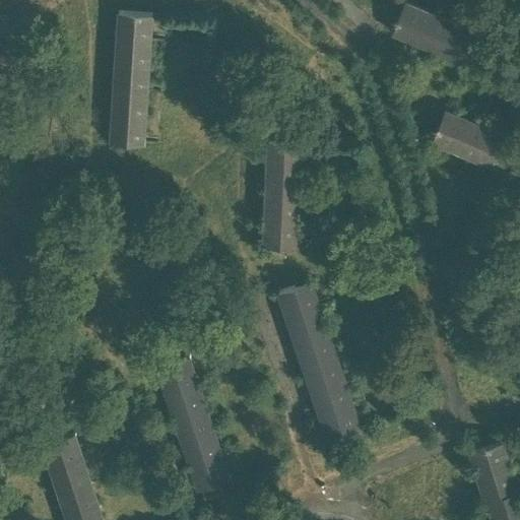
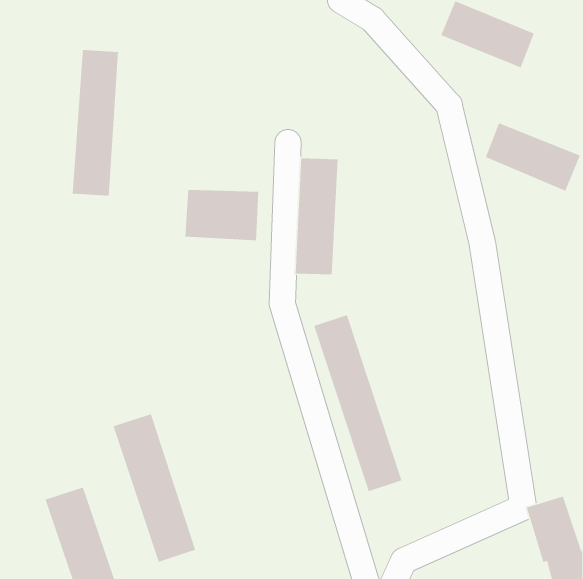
building: [110,15,151,146] -> [72,49,119,196]
building: none -> [185,189,259,241]
building: [154,360,229,493] -> [113,413,196,563]

